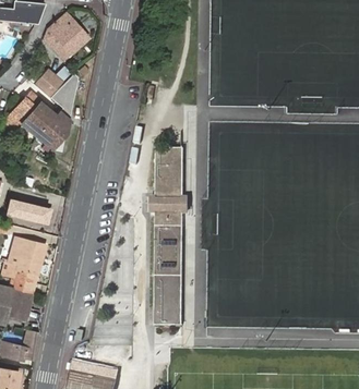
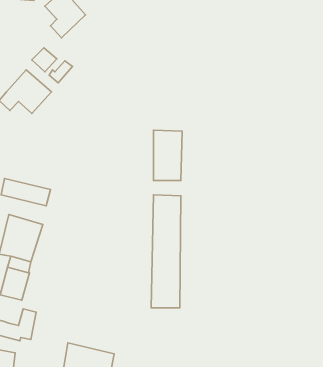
building: [35,111,73,149] -> none

